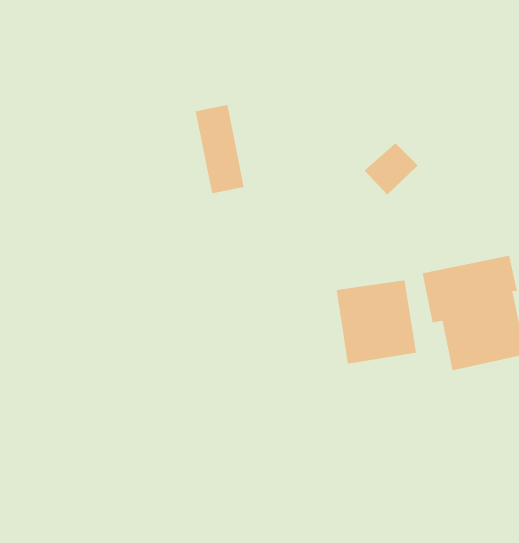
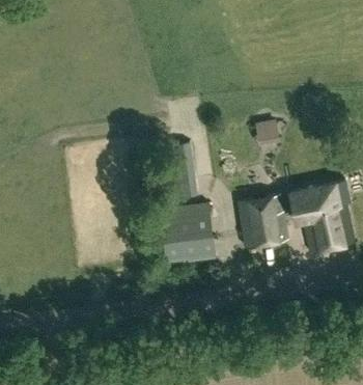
building: [195,104,245,194] -> [167,142,198,198]
building: none -> [159,203,216,263]

